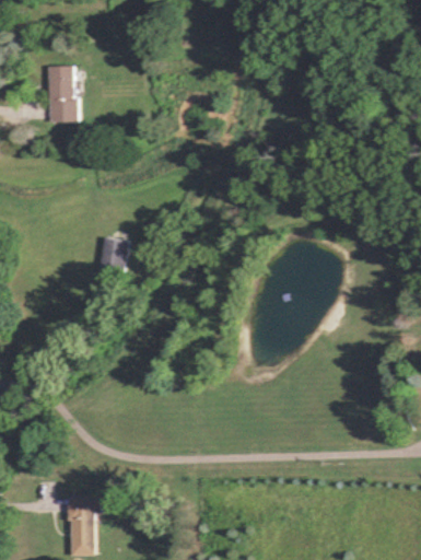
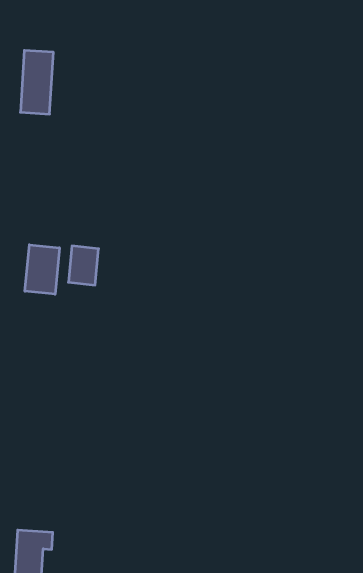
building: none -> [25,245,59,294]

